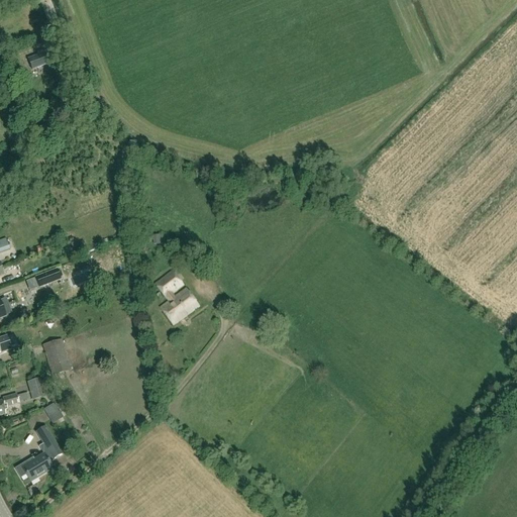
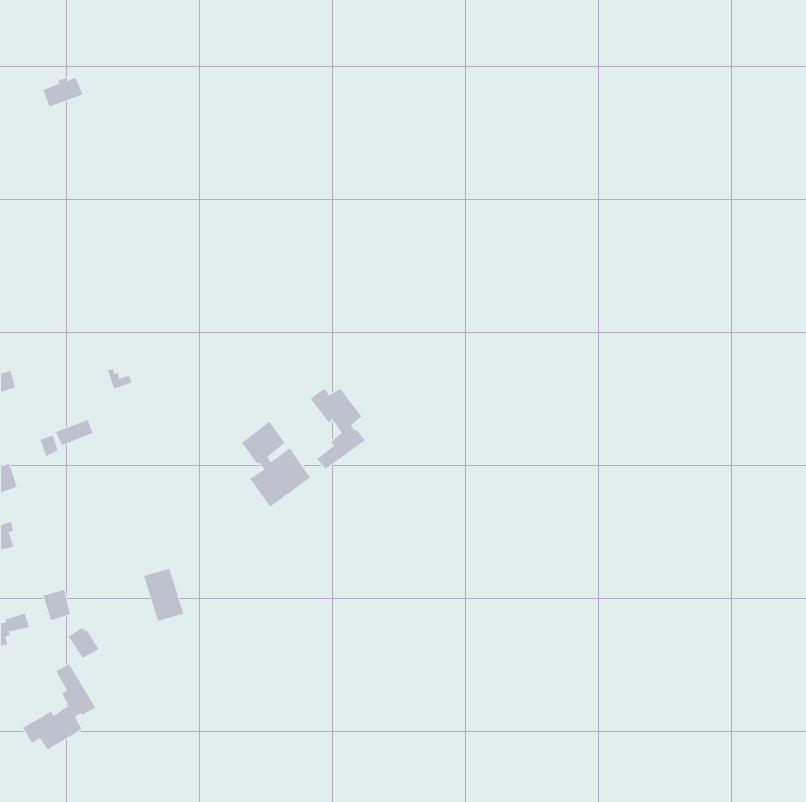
building: none -> [310,388,366,470]
building: [43,339,70,374] -> [143,568,184,622]

